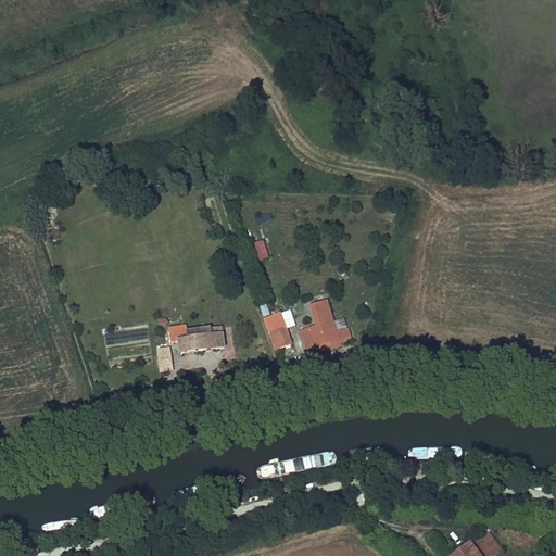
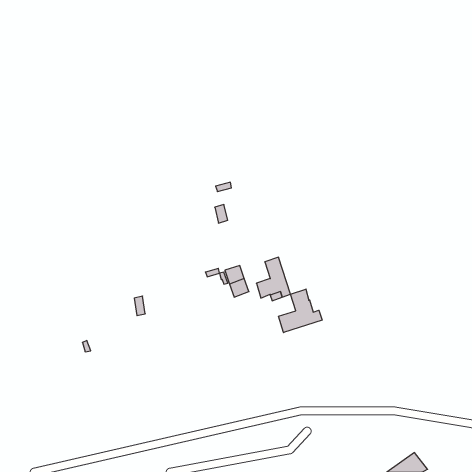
building: [169,324,230,353] -> none
building: none -> [278,289,322,333]

